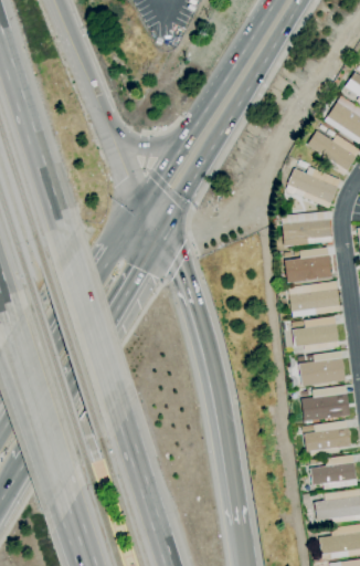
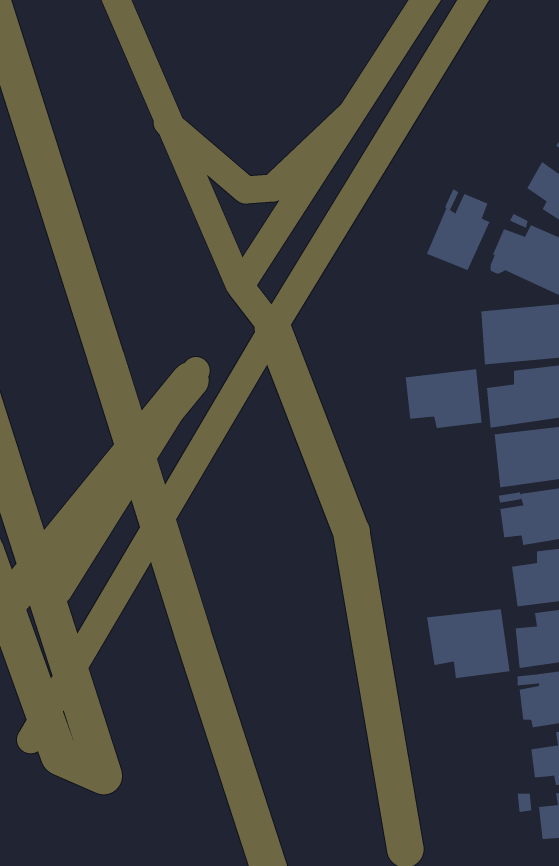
building: none -> [426,188,490,271]
building: none -> [405,368,482,429]
building: none -> [427,609,510,679]

